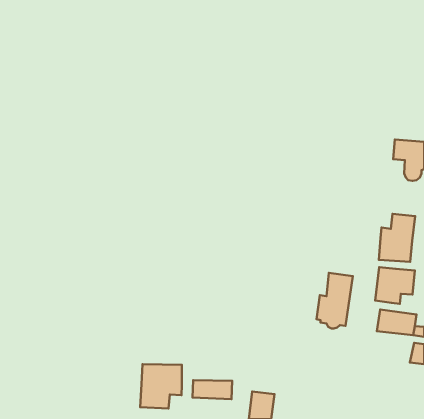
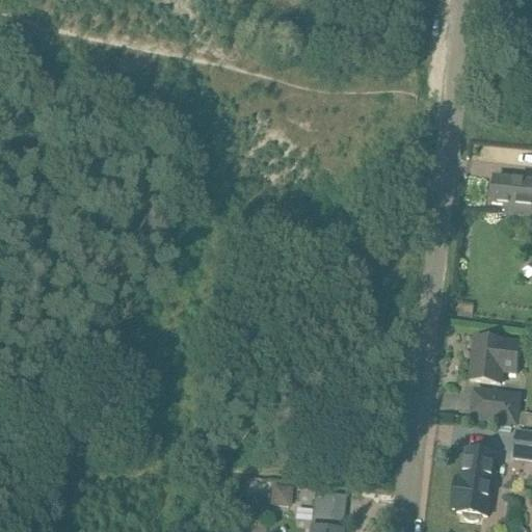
building: [379,214,415,262] -> none
building: [316,273,353,328] -> [450,448,496,517]
building: [140,364,182,408] -> none

